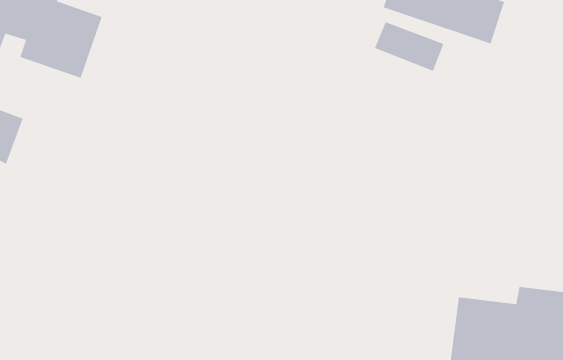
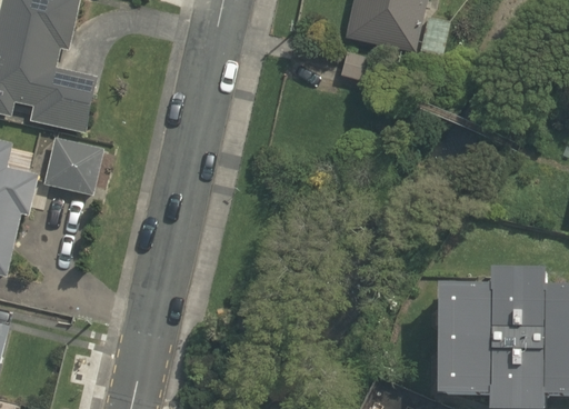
building: none -> [42,134,102,193]

